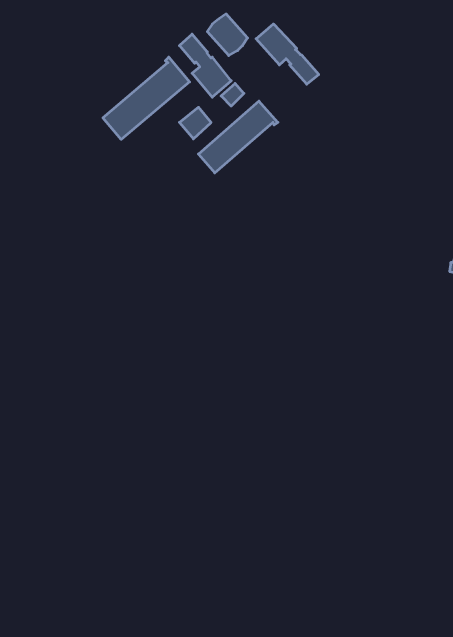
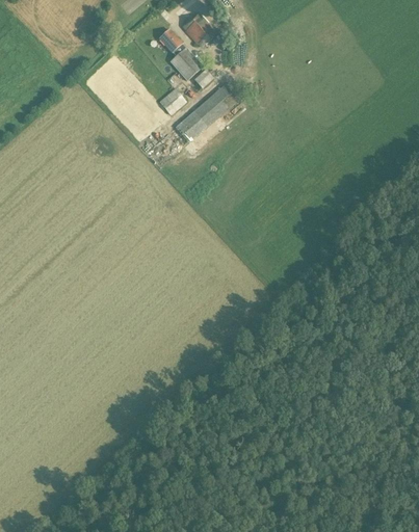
building: [256,24,319,84] -> none
building: [103,57,190,139] -> none

